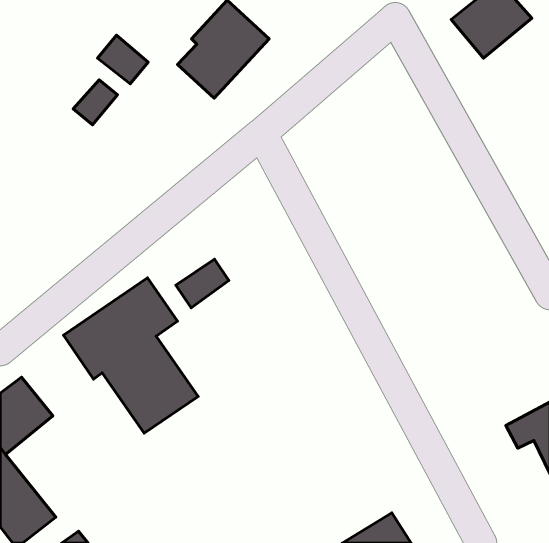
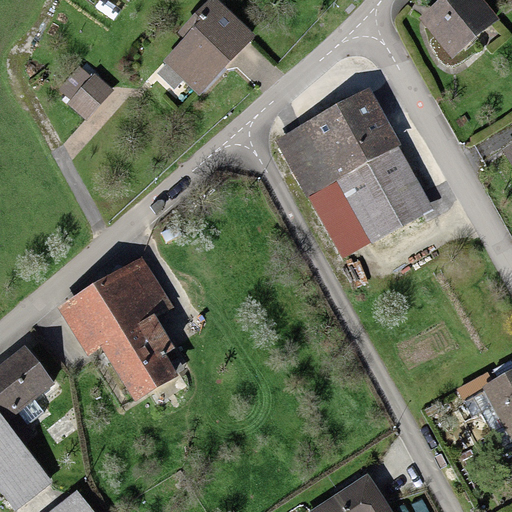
building: [97,35,148,84] -> none
building: none -> [277,90,429,255]
building: [176,259,229,308] -> none

